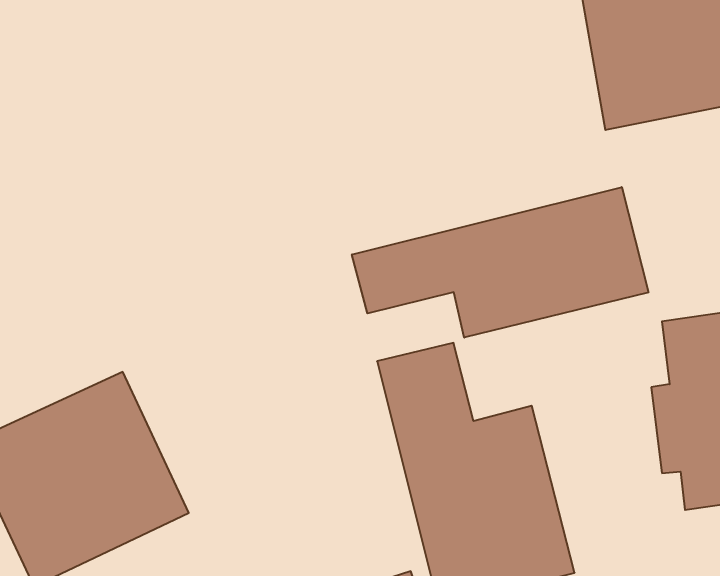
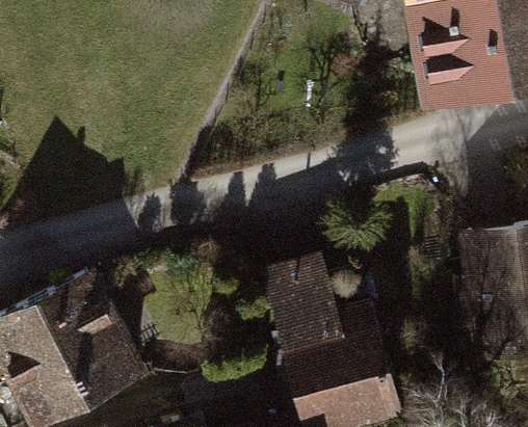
building: [352,187,648,338] -> none

